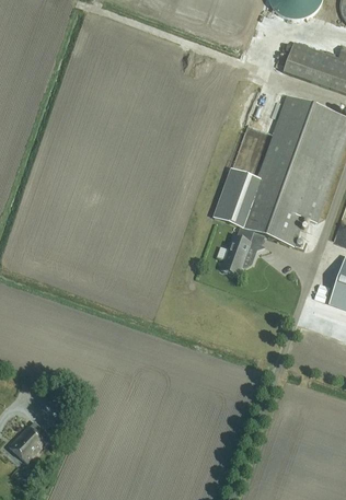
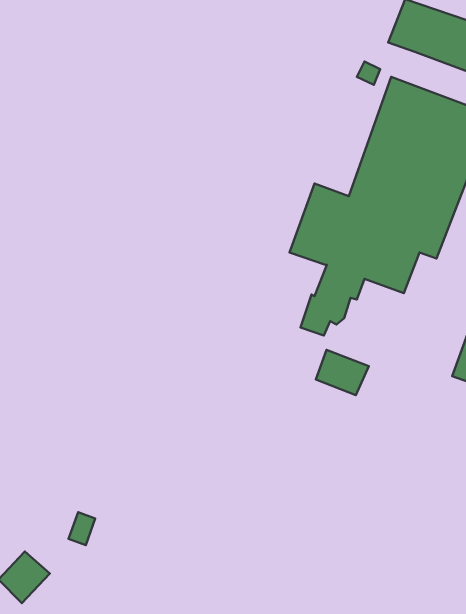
building: none -> [316,350,369,395]

